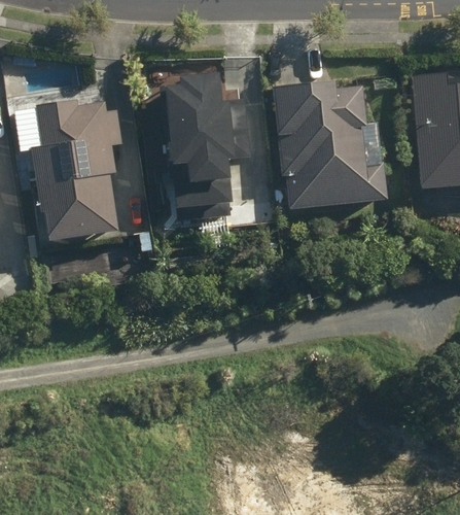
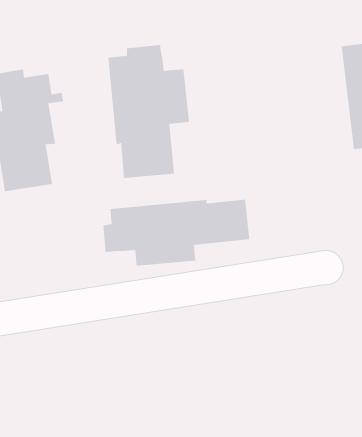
building: [276,80,390,210] -> none
building: none -> [103,199,250,267]

